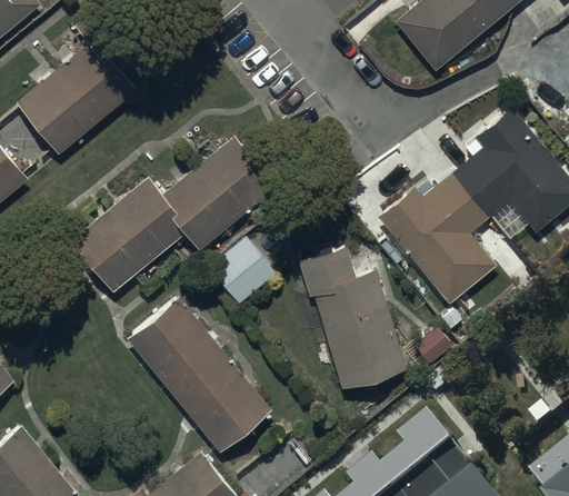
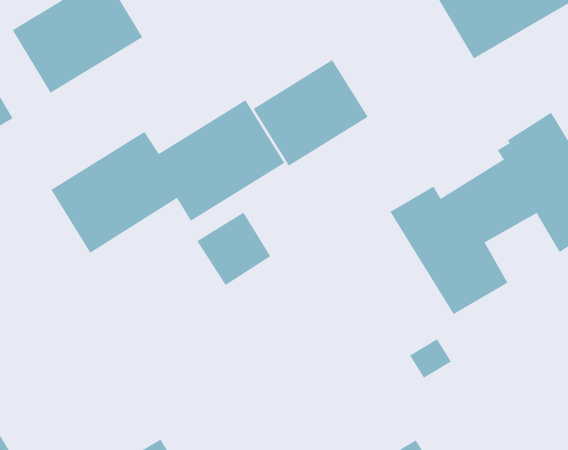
building: none -> [253,59,368,166]
building: [298,246,407,388] -> none
building: [127,296,271,452] -> none

